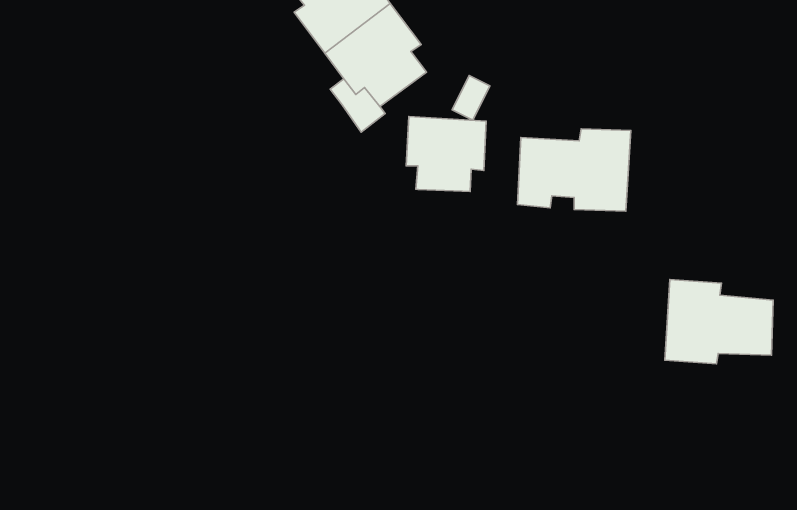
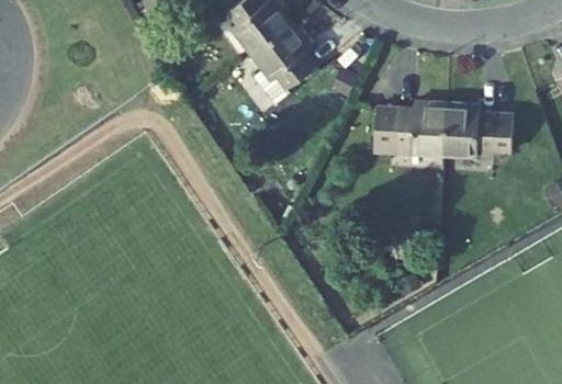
building: [406,116,486,192] -> none
building: [665,280,773,364] -> [442,105,512,159]

